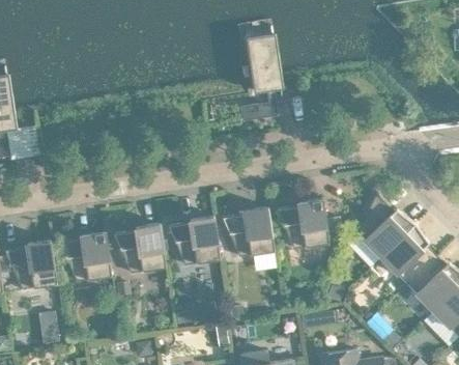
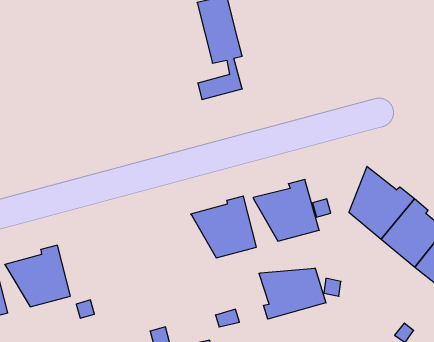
building: [168,215,221,264] -> none
building: [114,223,166,272] -> none
building: none -> [259,268,326,319]

